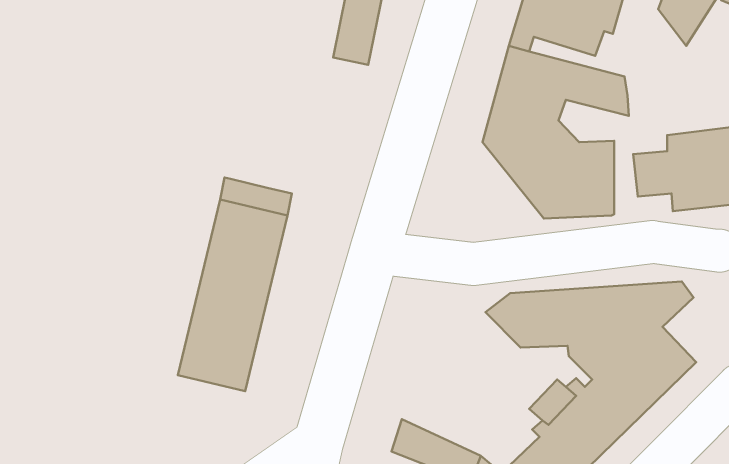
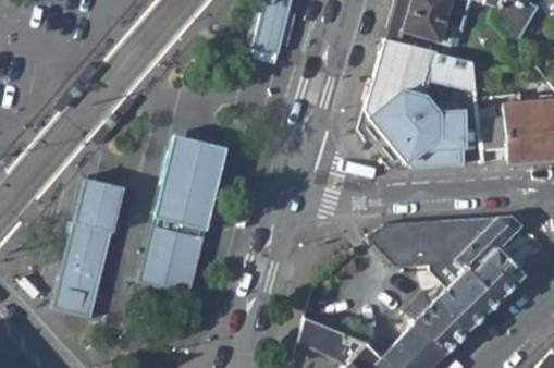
building: none -> [53,181,124,320]

